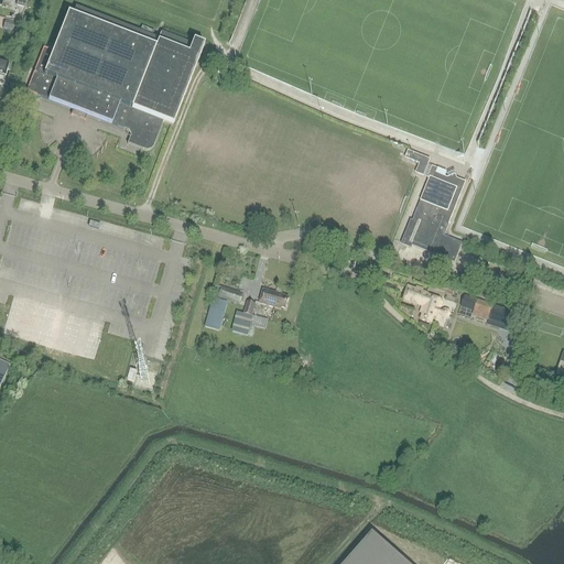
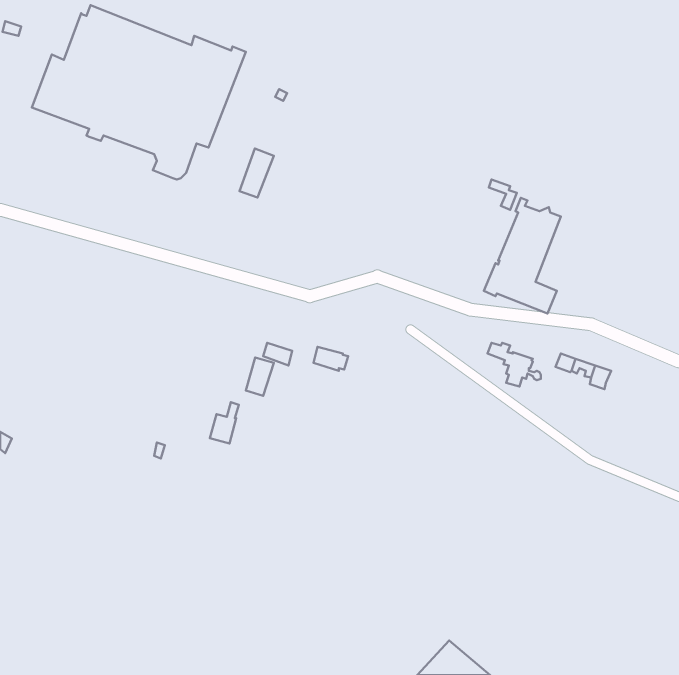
building: none -> [240,149,274,198]
building: [230,300,254,334] -> [210,402,239,443]

